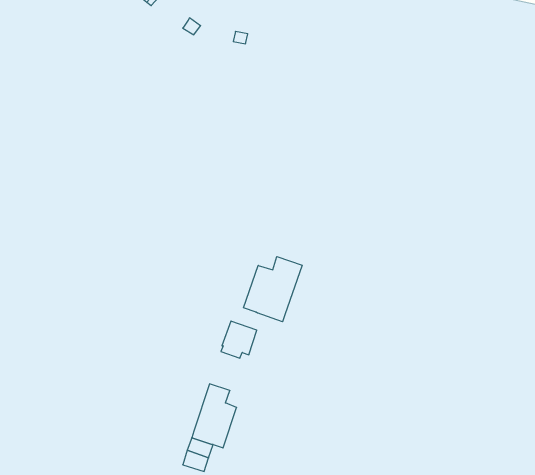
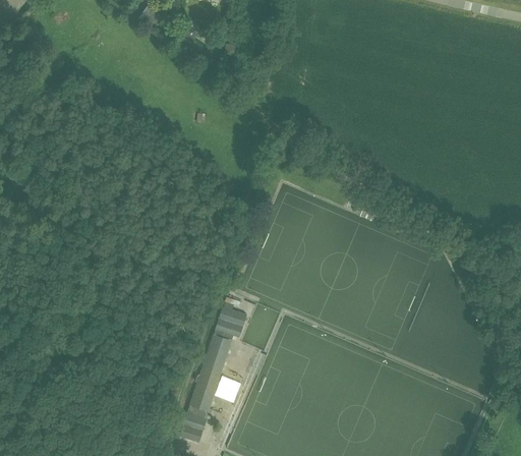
building: [243,257,302,322] -> none
building: none -> [202,334,230,369]

